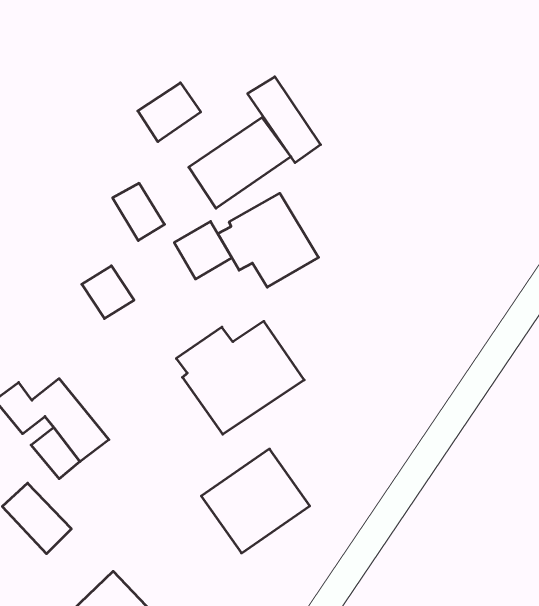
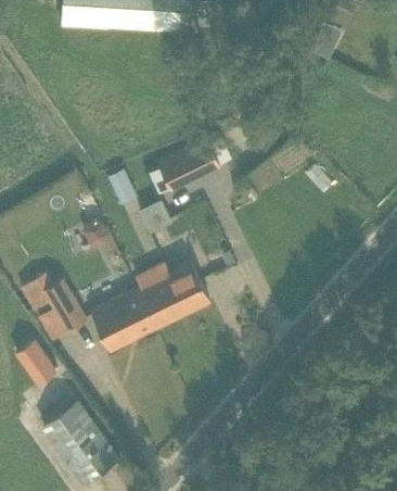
building: [248,77,321,163] -> none
building: [138,83,201,142] -> none
building: [218,193,319,287] -> none
building: [201,449,310,553] -> [91,290,156,351]

